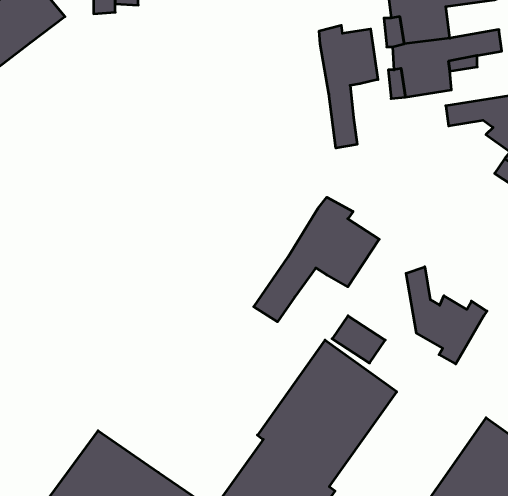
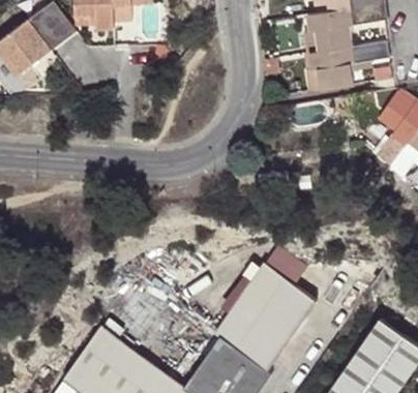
building: [319,25,378,148] -> none
building: [254,197,379,322] -> none
building: [406,267,487,364] -> none

